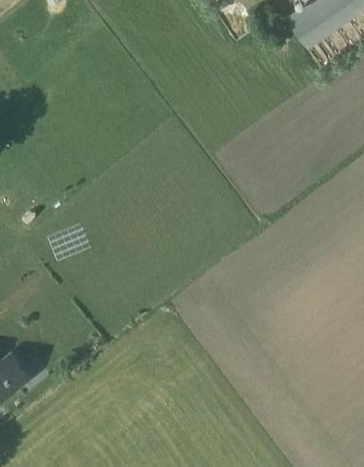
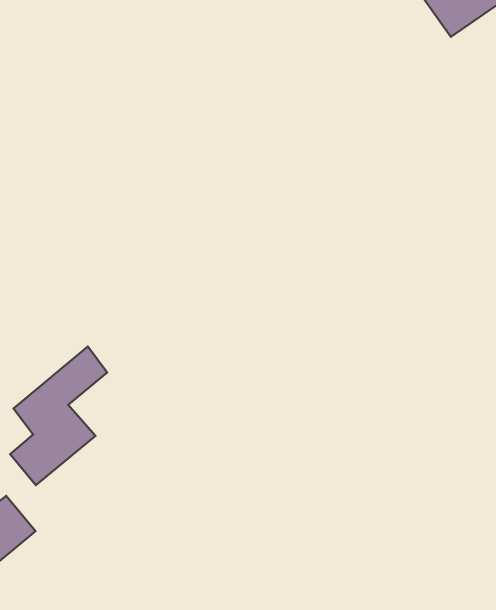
building: none -> [10,347,107,485]

